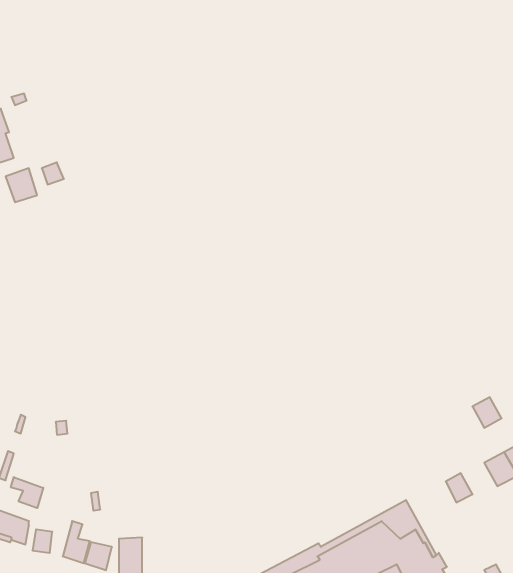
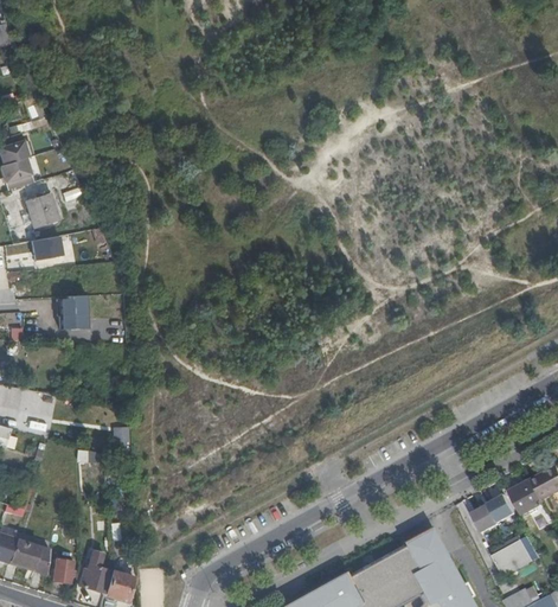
building: none -> [33,235,63,257]
building: none -> [58,295,89,328]
building: [472,397,502,428] -> [488,492,518,523]
building: [11,477,43,508] -> none
building: none -> [495,542,533,576]

